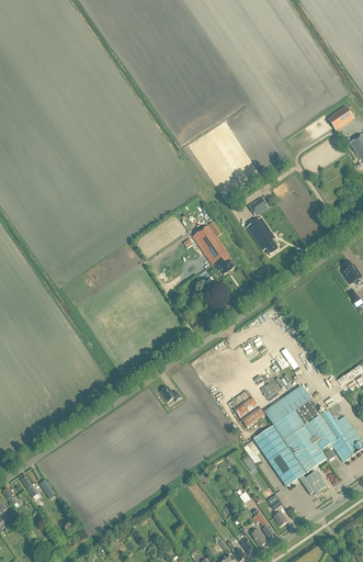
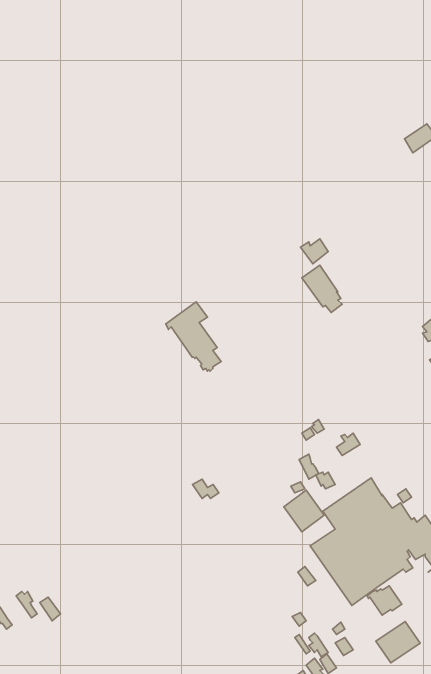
building: [190,220,234,274] -> [166,302,221,371]
building: none -> [376,621,420,663]

